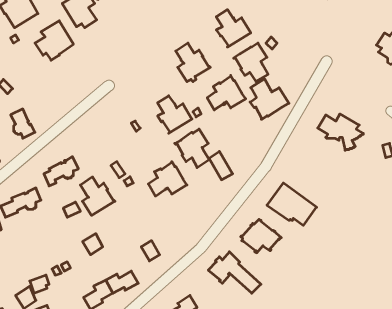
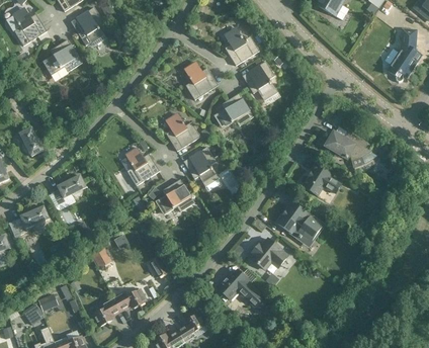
building: [250,79,289,119] -> none
building: none -> [302,162,340,194]
building: [80,177,115,215] -> [124,146,159,184]

